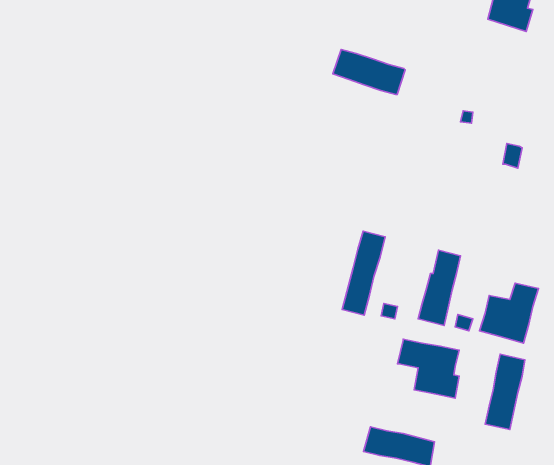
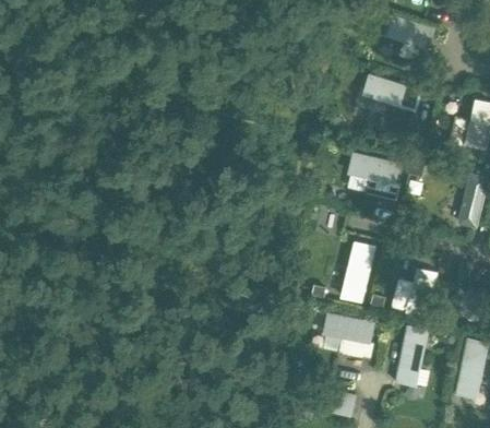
building: [333,49,405,94] -> [363,74,421,110]
building: none -> [350,155,398,202]
building: [342,231,385,315] -> none

